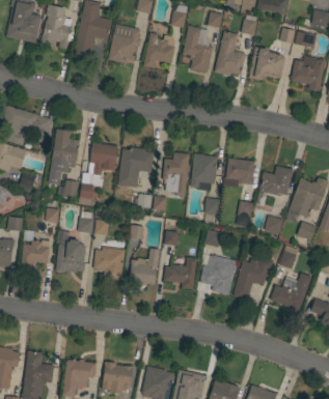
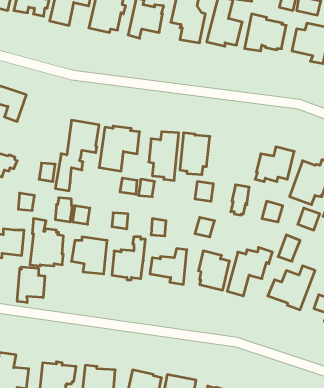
building: [49,129,80,184] -> none
building: [223,158,255,187] -> none
building: none -> [17,267,45,303]

